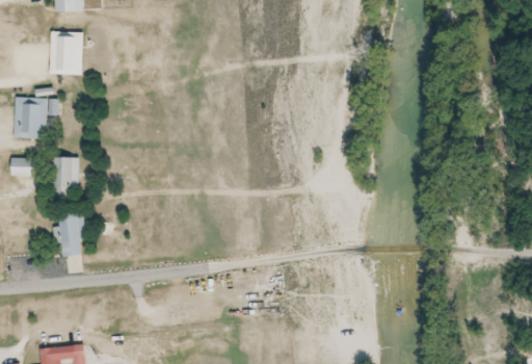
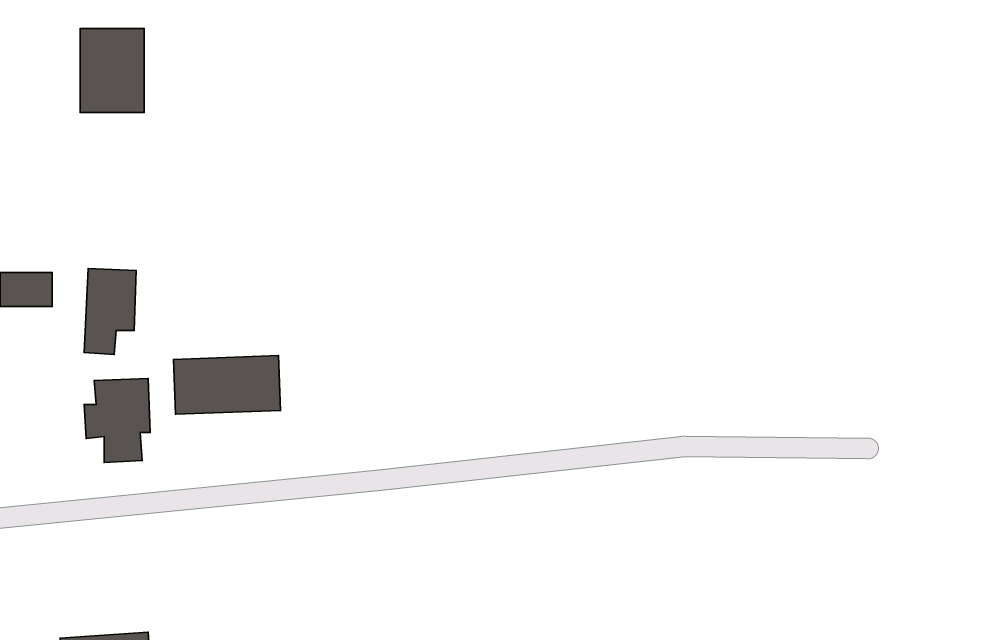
building: [12,98,57,138] -> none
building: none -> [173,356,280,414]

